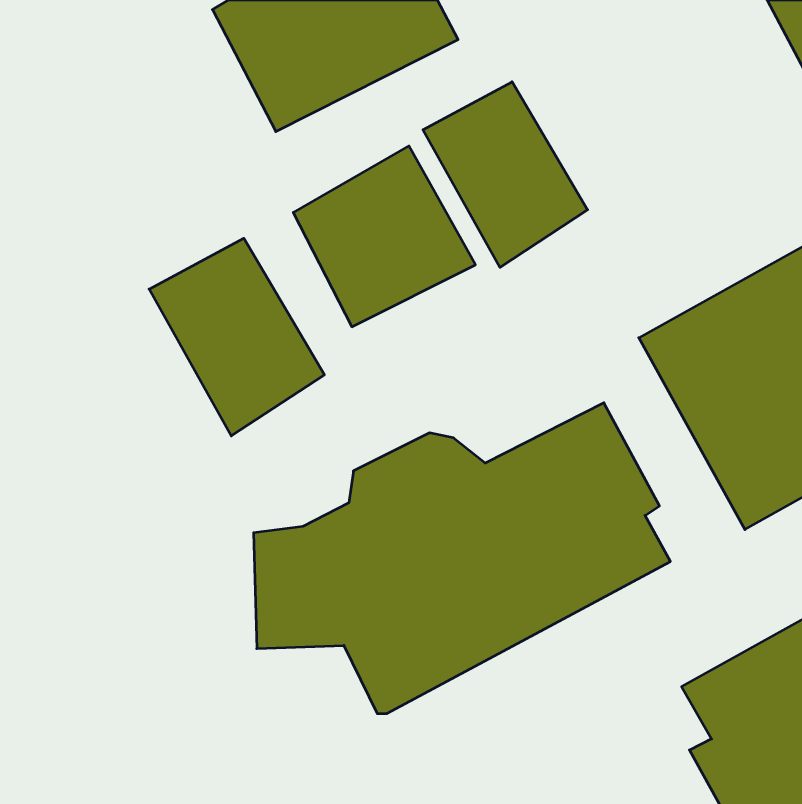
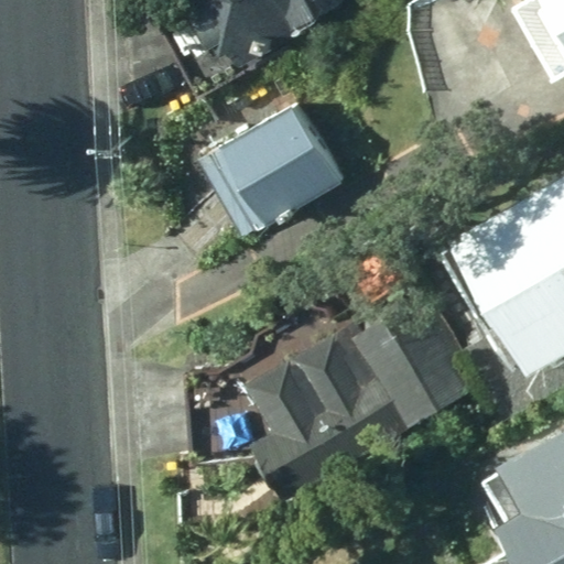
building: [423,82,588,267] -> none
building: [149,238,324,436] -> none

